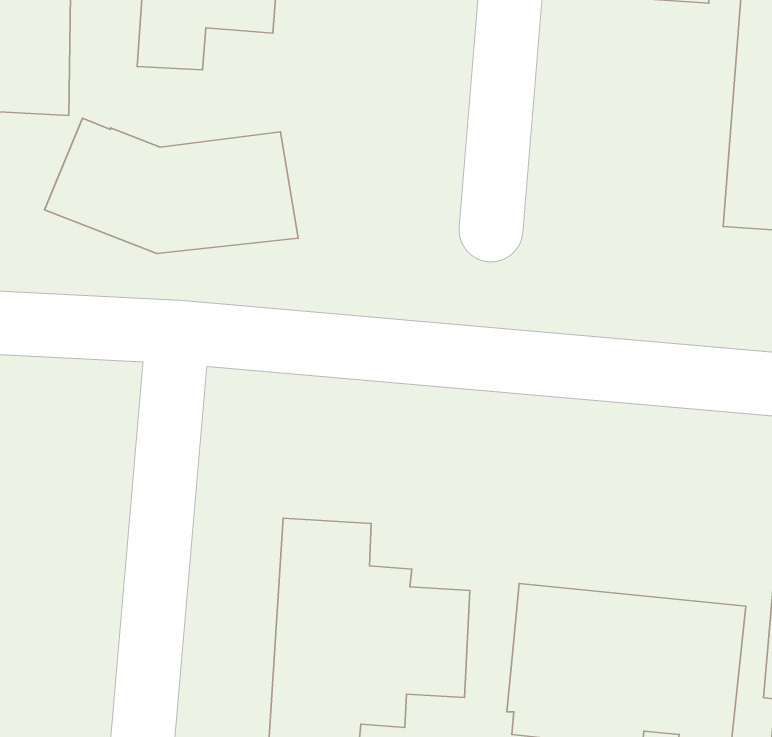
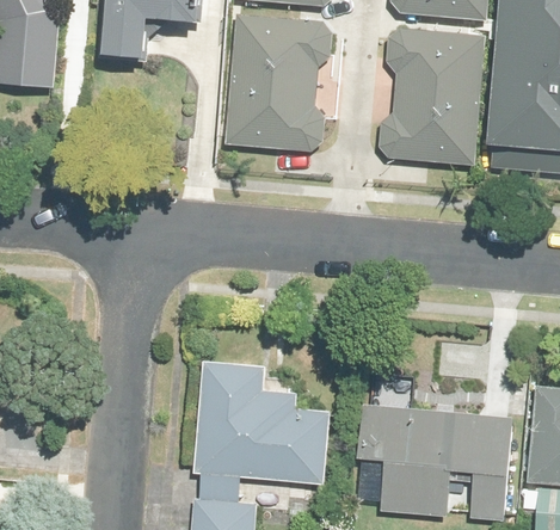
building: none -> [232,17,337,148]
building: none -> [383,31,485,164]
building: [44,118,298,253] -> none

